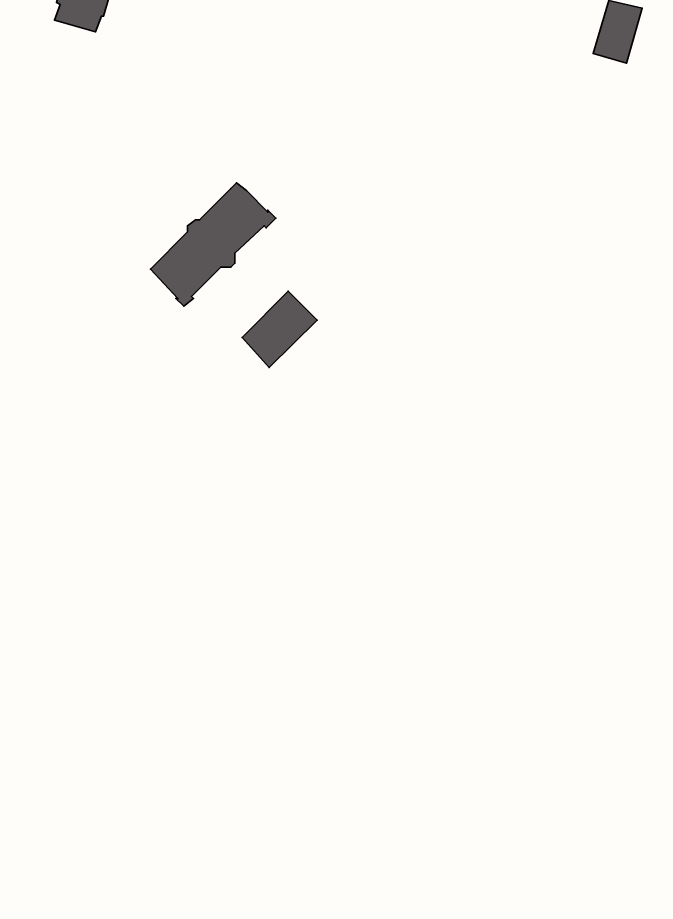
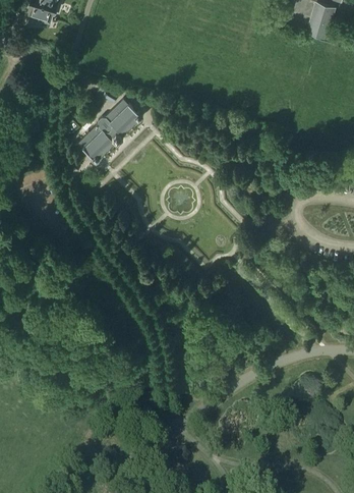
building: [242,291,317,368] -> none

